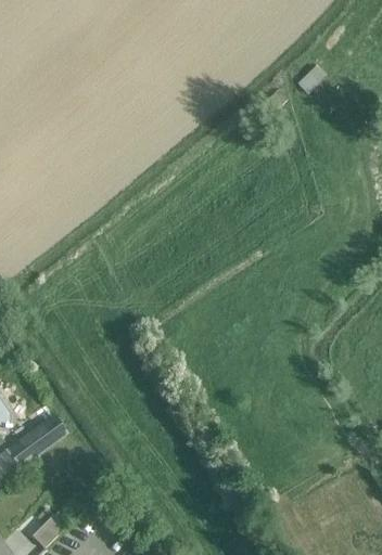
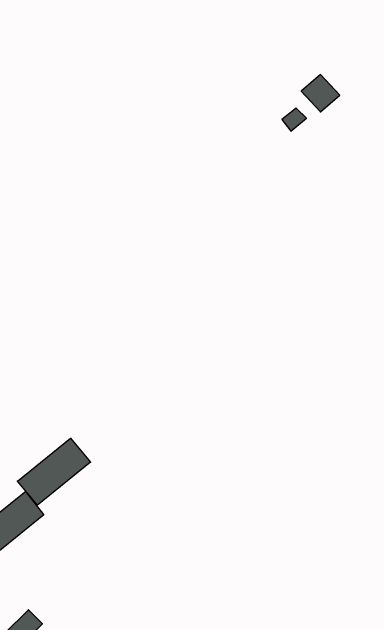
building: none -> [17,438,91,505]

